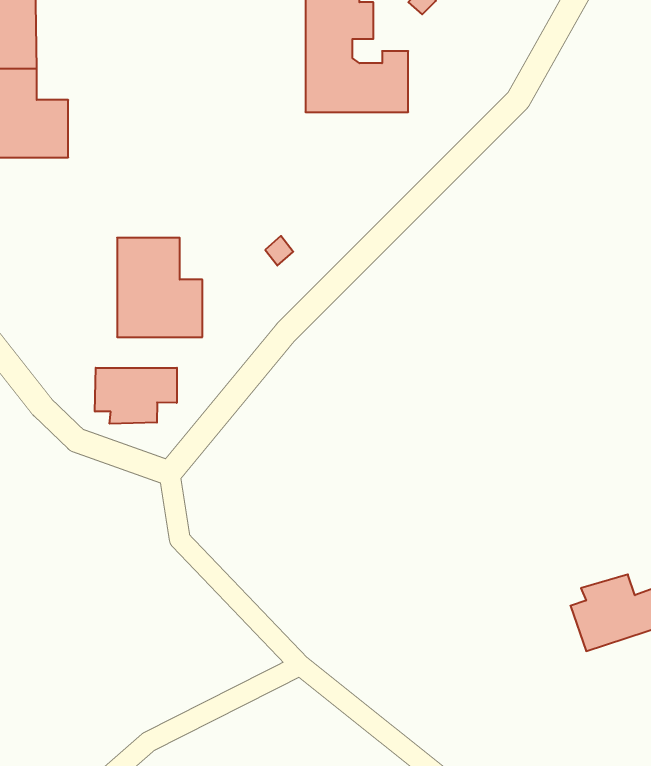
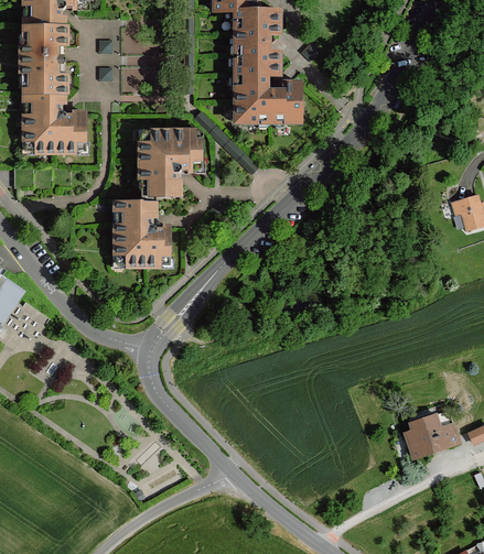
building: none -> [139,132,200,202]
building: [95,368,177,424] -> none

